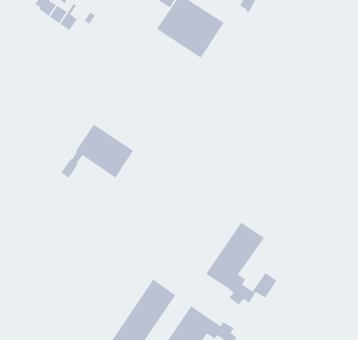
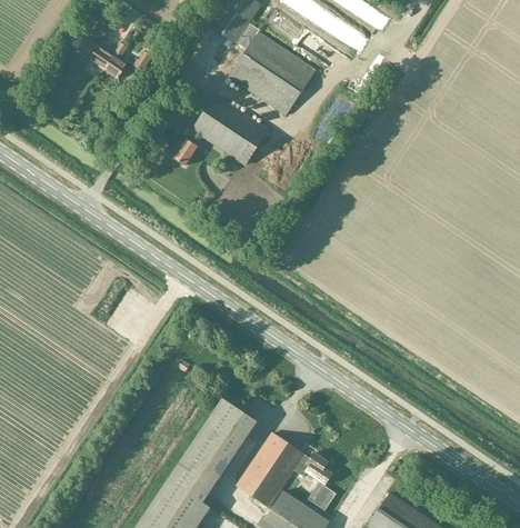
building: [61,124,134,178] -> [173,97,268,167]
building: [205,222,277,306] -> none

